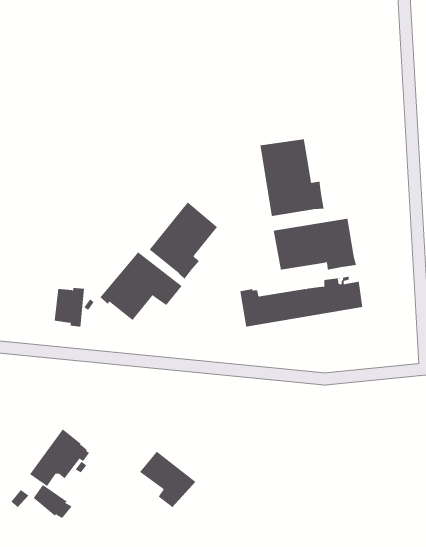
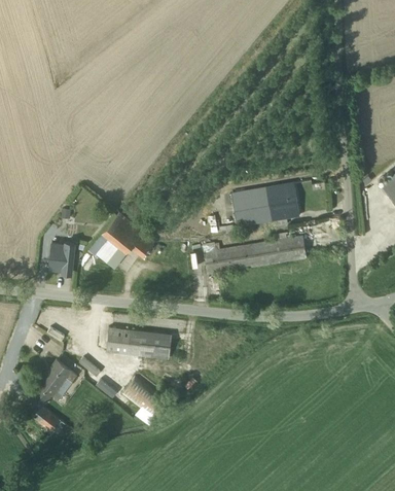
building: [260,138,324,217] -> none
building: [149,201,218,280] -> none
building: none -> [107,327,172,358]

